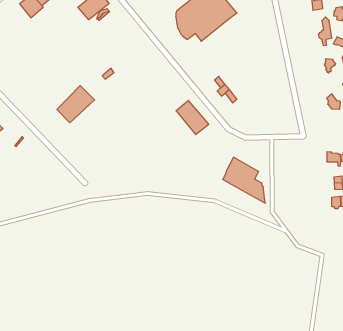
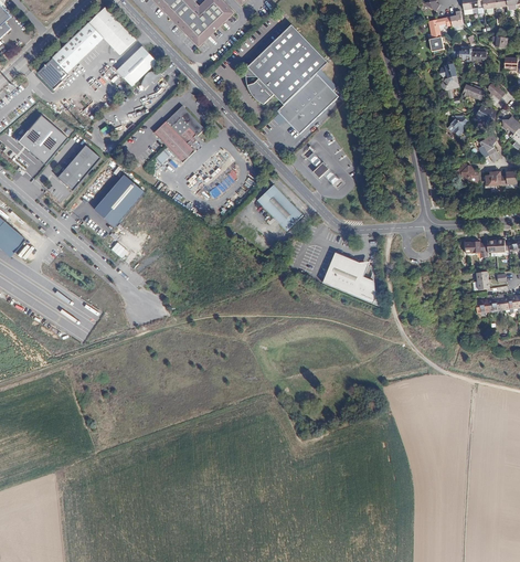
building: none -> [276,73,338,134]
building: none -> [20,115,68,163]
building: none -> [152,107,202,162]
building: none -> [59,146,102,191]

